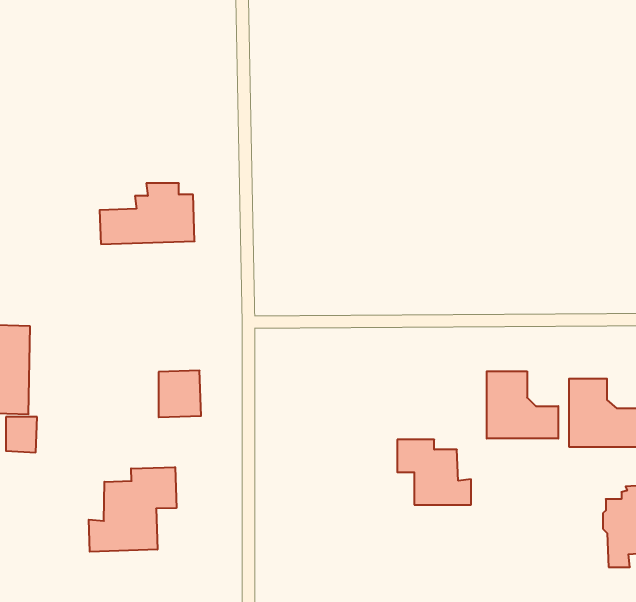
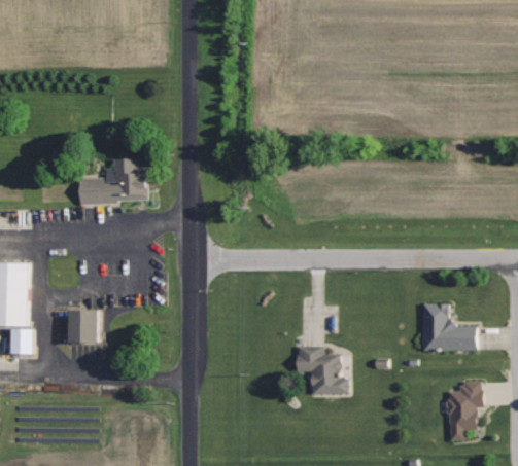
building: [159,371,201,417] -> [69,311,100,345]
building: [487,371,558,439] -> none
building: [89,467,176,552] -> none

